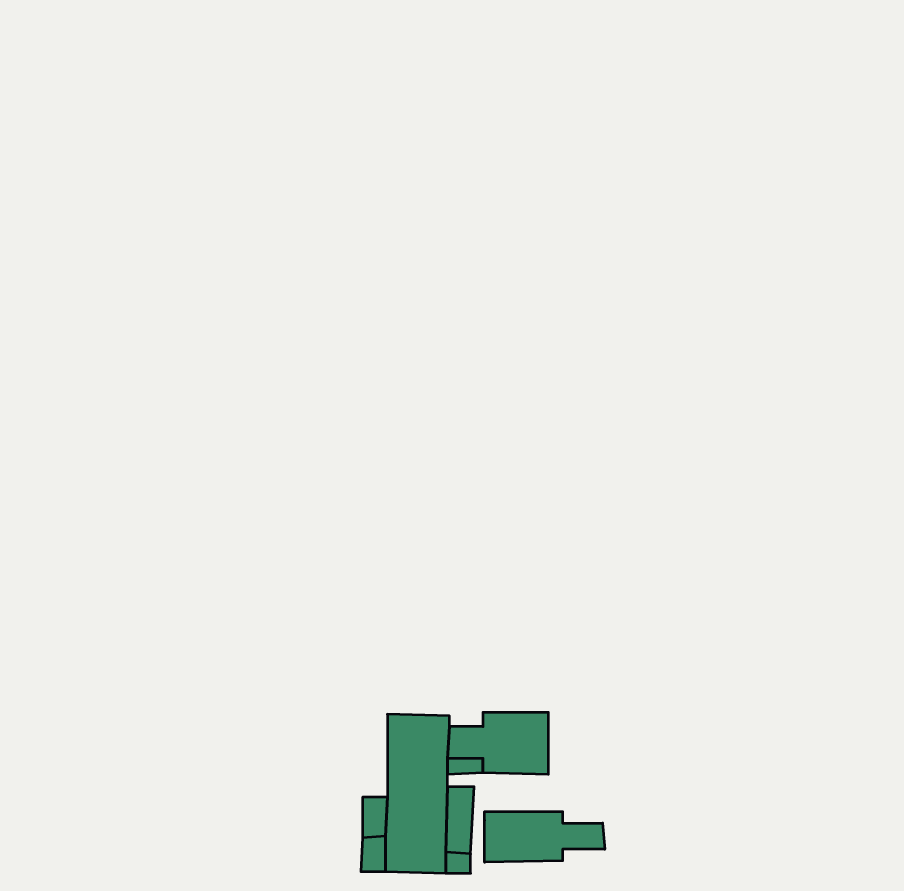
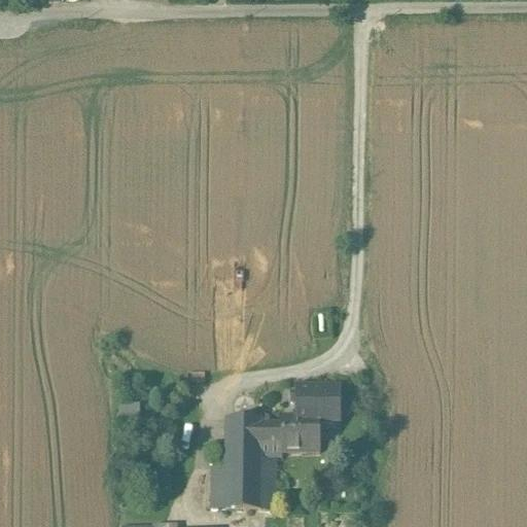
building: none -> [296,383,340,421]
building: [485,812,605,862] -> none

